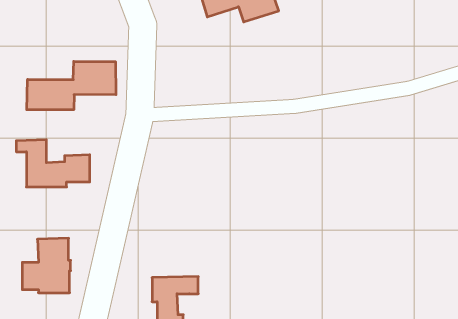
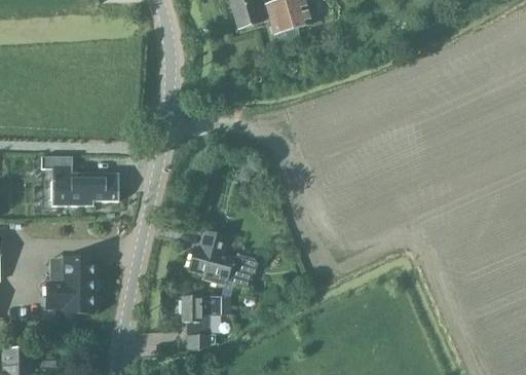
building: [27,61,116,110] -> none
building: none -> [187,227,256,286]

